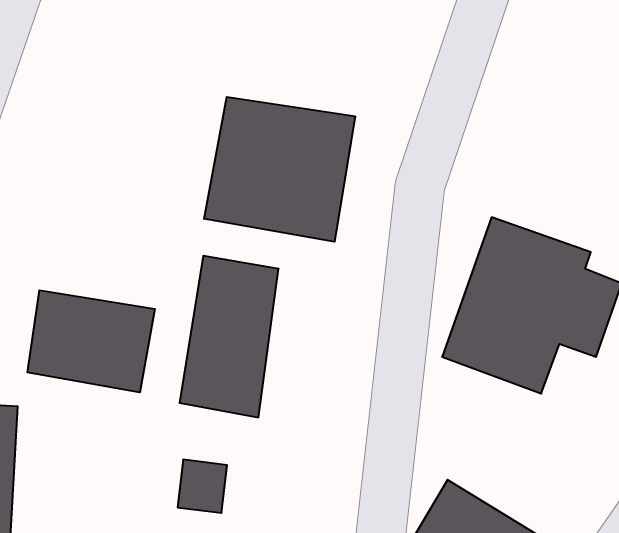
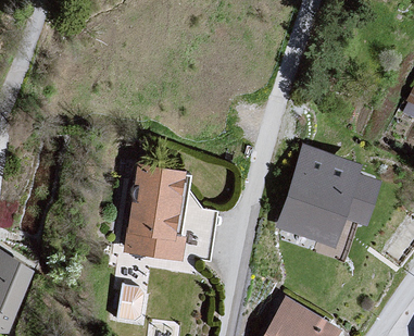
building: [204,97,355,242] -> none
building: [27,290,155,392] -> none

